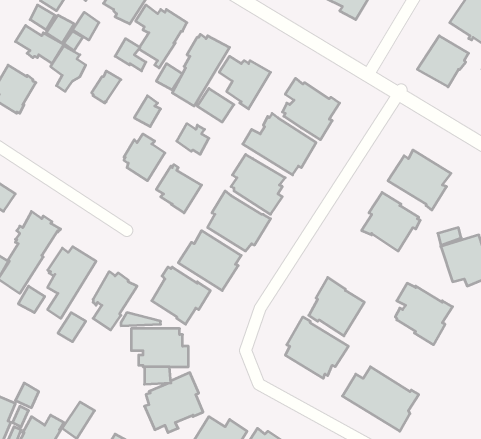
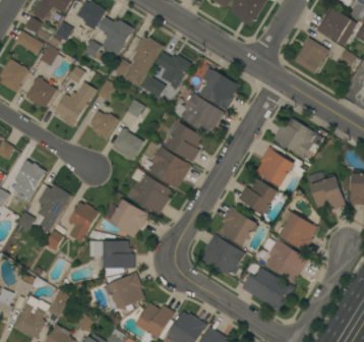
building: none -> [25,76,56,109]
building: none -> [54,81,96,126]
building: none -> [237,178,278,215]
building: none -> [264,239,307,281]

